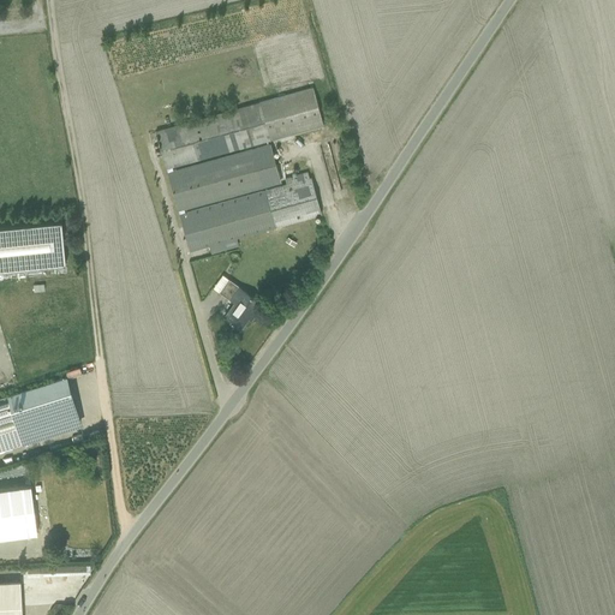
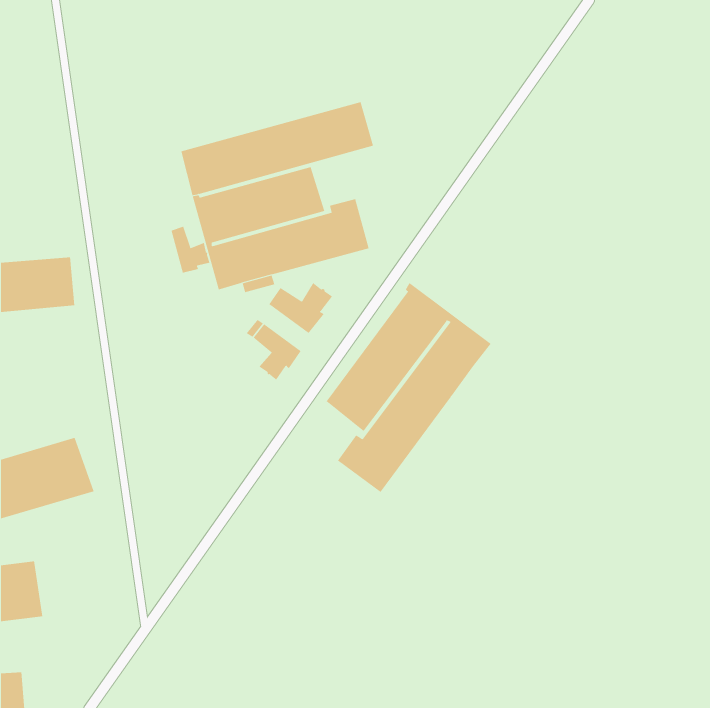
building: none -> [171,226,210,273]
building: none -> [269,282,333,334]
building: none -> [326,282,491,493]

